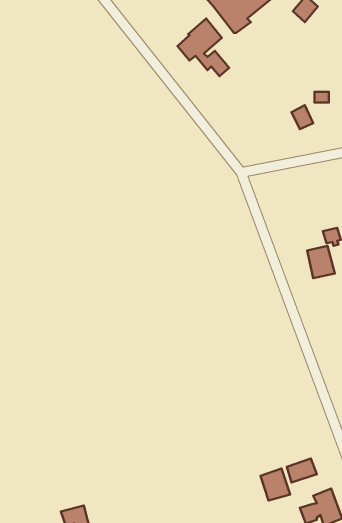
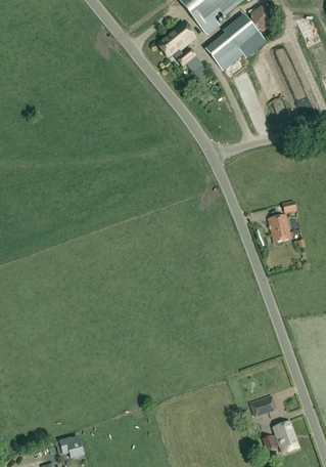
building: none -> [206,13,265,70]
building: [260,468,290,501] -> none

